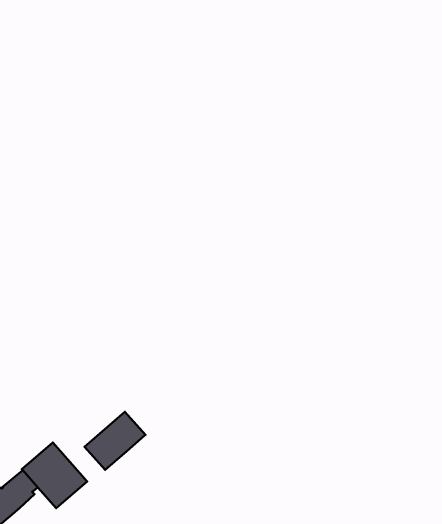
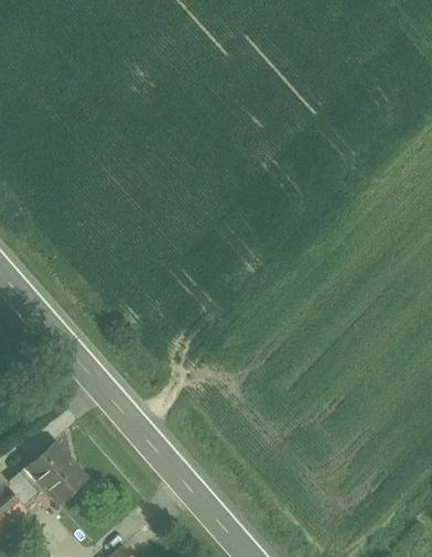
building: [85,412,146,470] -> none

